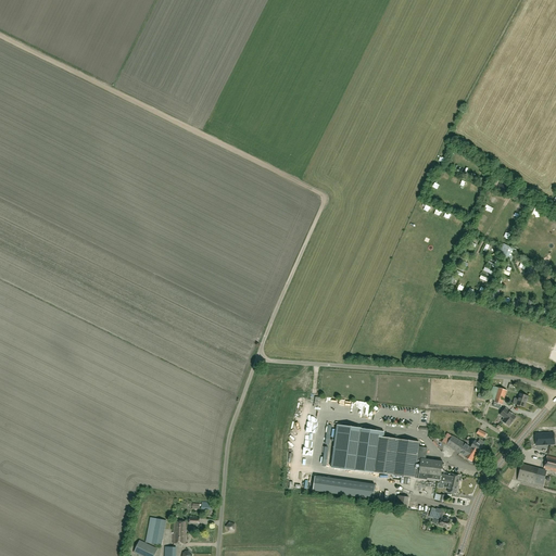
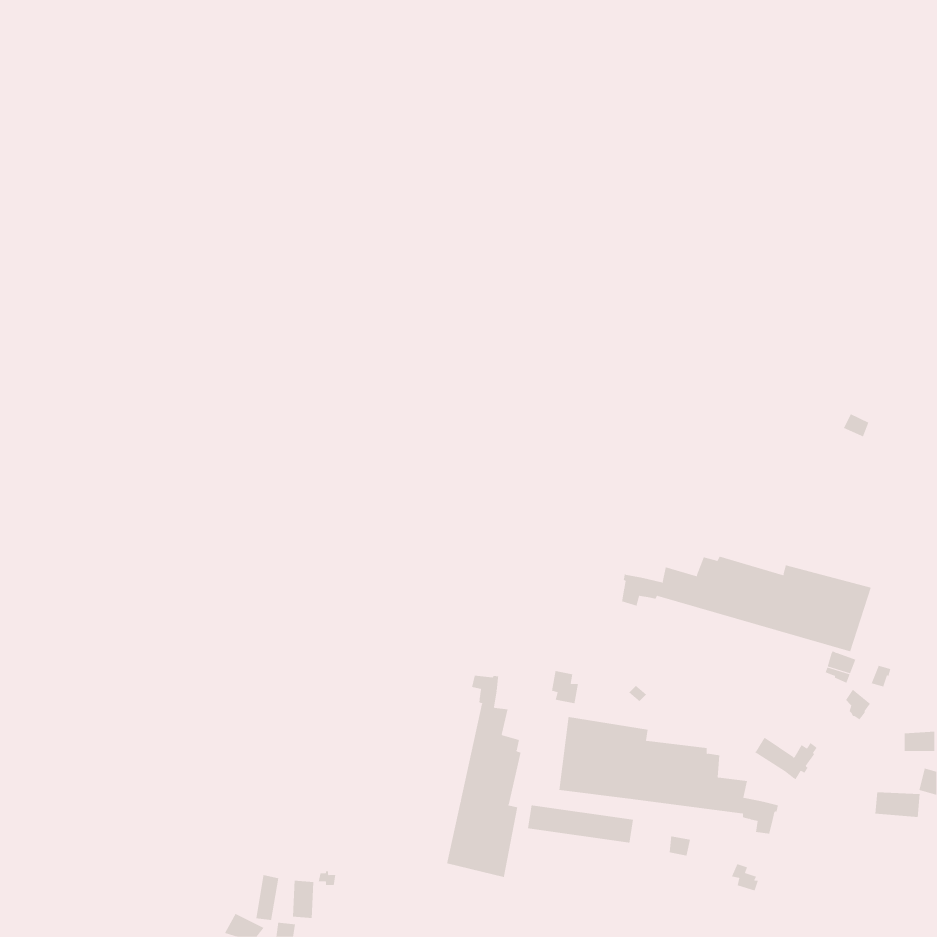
building: none -> [621,556,872,652]
building: none -> [446,675,521,878]

